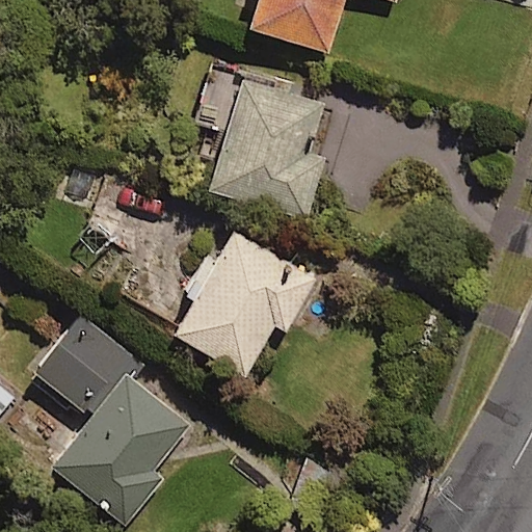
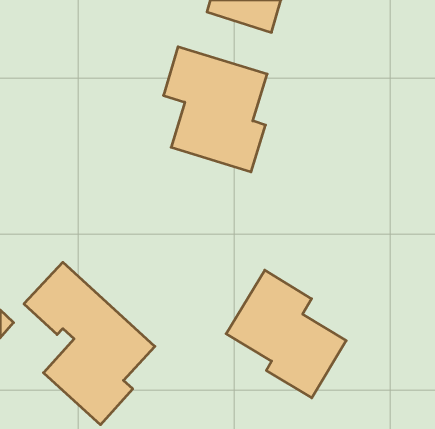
building: [174,228,315,373] -> none
building: none -> [226,270,346,398]

